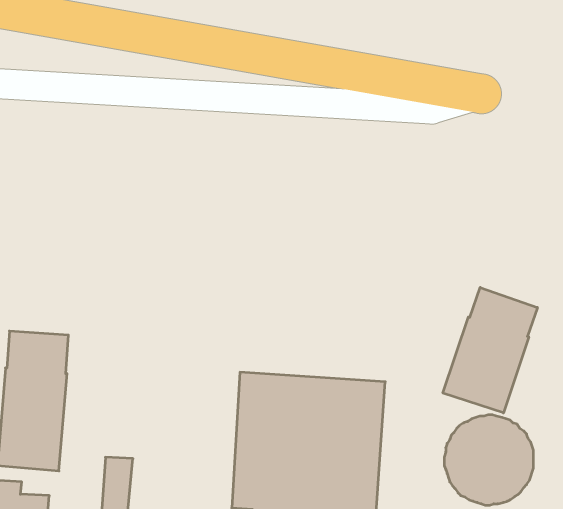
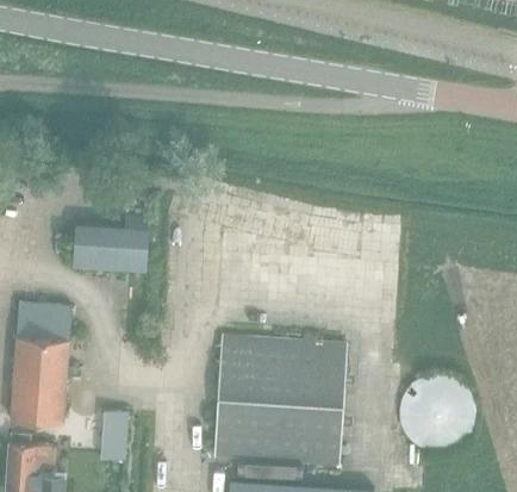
building: none -> [73,225,149,272]
building: [443,287,537,413] -> none

